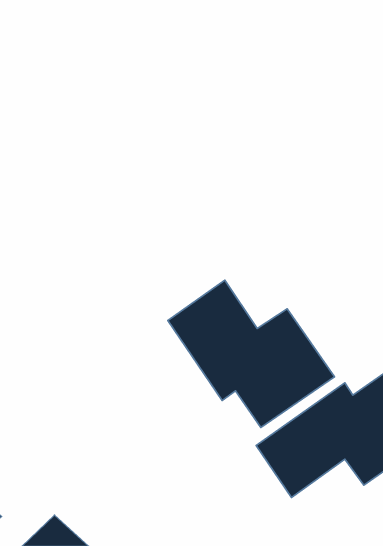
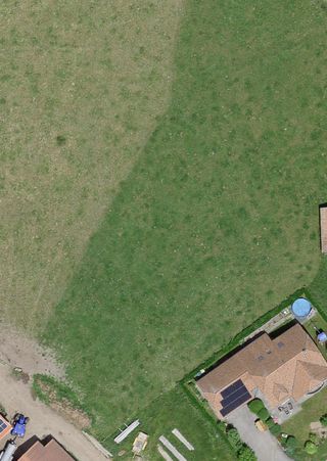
building: [168,280,334,427] -> none

